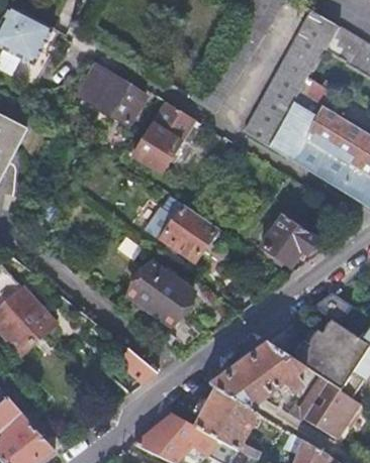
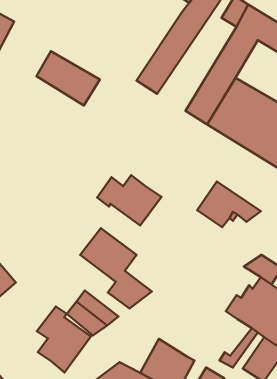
building: [137,104,198,173] -> none
building: [209,341,304,409] -> none
building: none -> [37,307,91,372]

